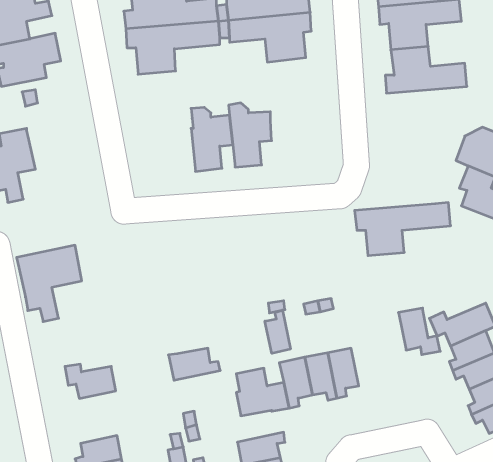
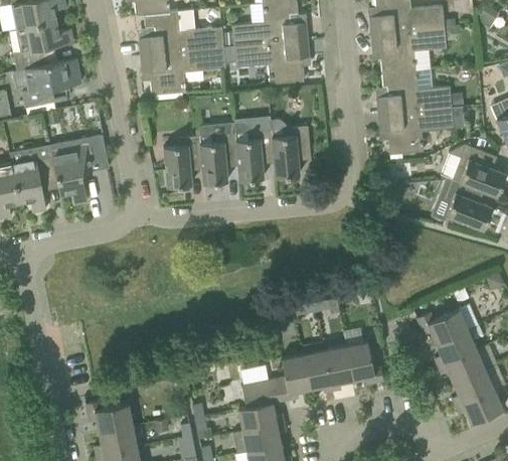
building: none -> [271,119,311,177]
building: none -> [163,136,201,187]
building: [355,203,451,256] -> [377,106,465,154]
building: [17,245,82,322] -> [49,135,109,204]
building: [398,308,440,355] -> [345,341,383,383]
building: [265,310,290,353] -> none
building: [168,348,220,380] -> [236,402,284,431]
building: [65,364,116,398] -> [86,401,132,432]

